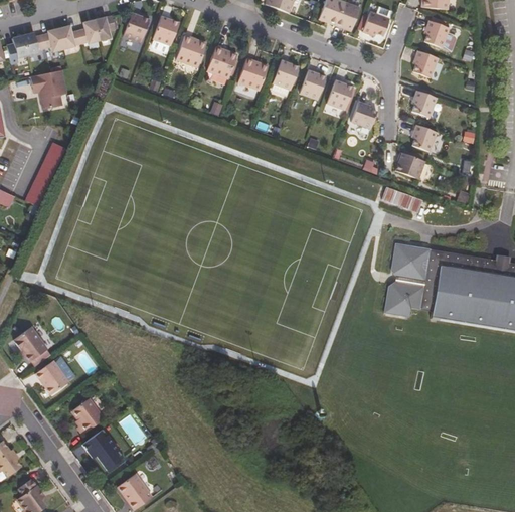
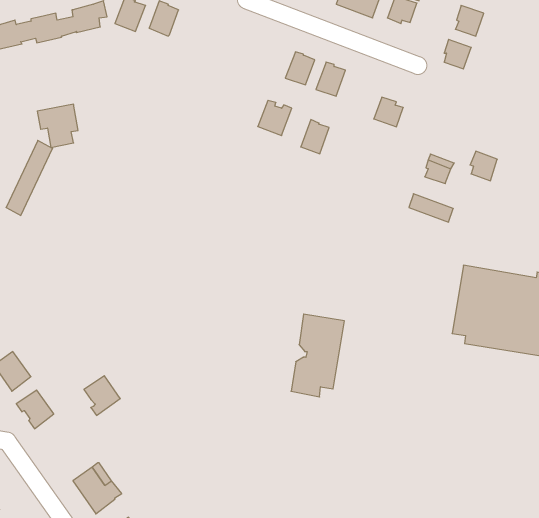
building: [175,35,207,69] -> none
building: [206,47,236,78] -> none
building: [237,58,268,90] -> [258,100,292,136]
building: [30,69,66,108] -> [37,104,78,147]
building: [327,78,352,109] -> [301,120,329,154]
building: [412,89,438,116] -> none
building: [412,123,437,149] -> [470,151,497,181]
building: [383,243,431,317] -> [291,314,344,397]
building: [70,397,103,433] -> [84,376,120,415]

